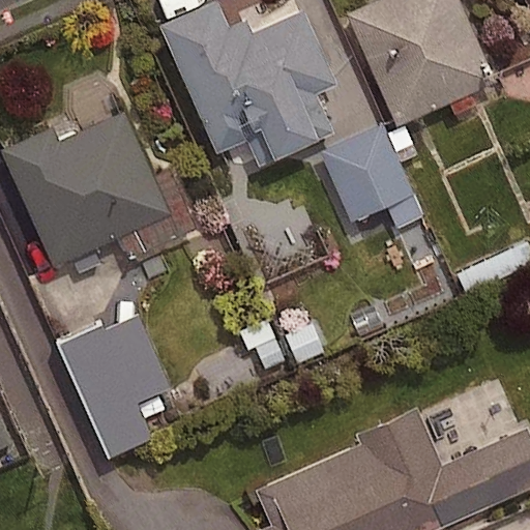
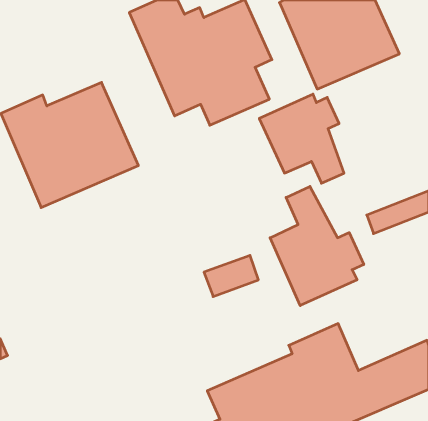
building: none -> [270,186,364,306]
building: [56,312,168,459] -> none

